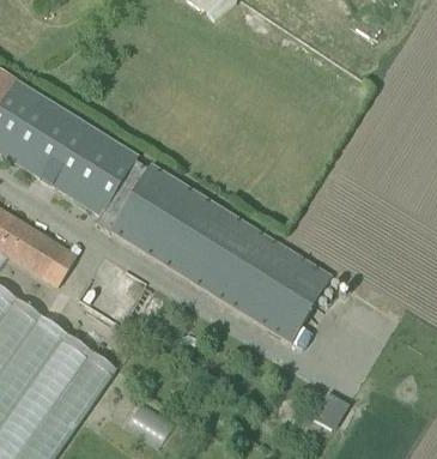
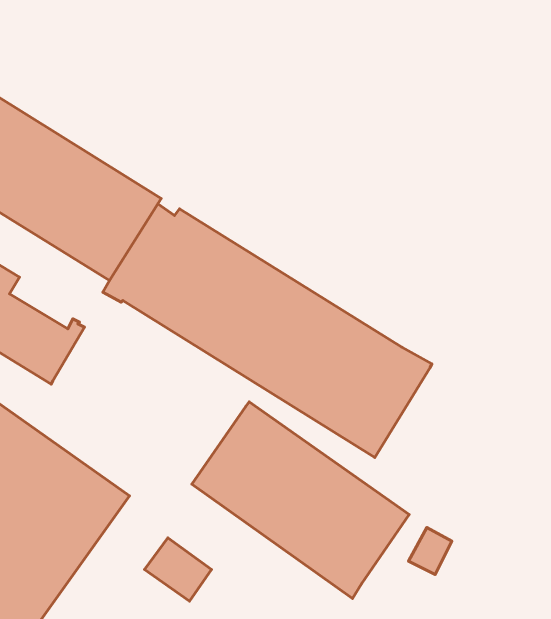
building: none -> [192,402,409,599]

